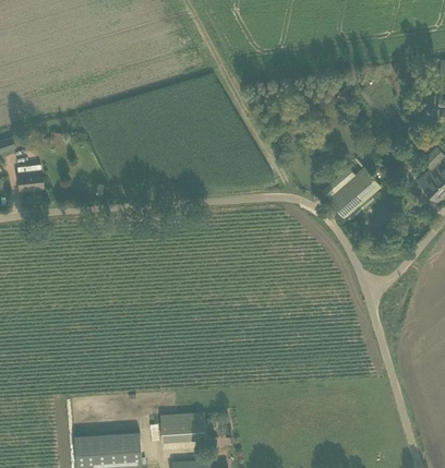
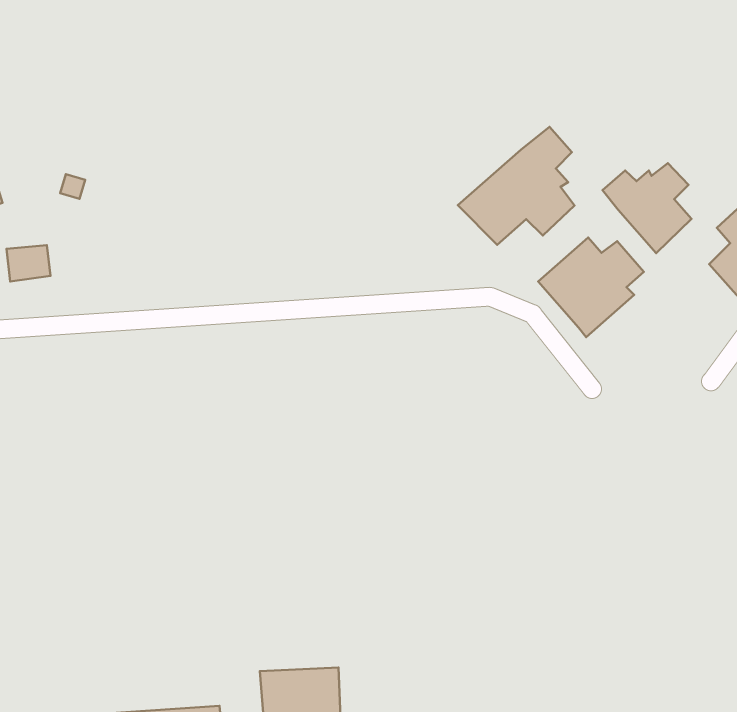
building: none -> [458,127,575,245]
building: none -> [603,163,691,253]

